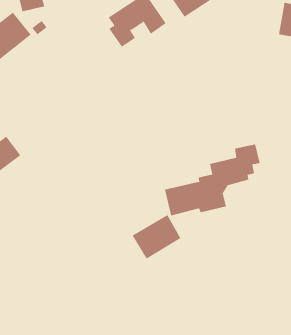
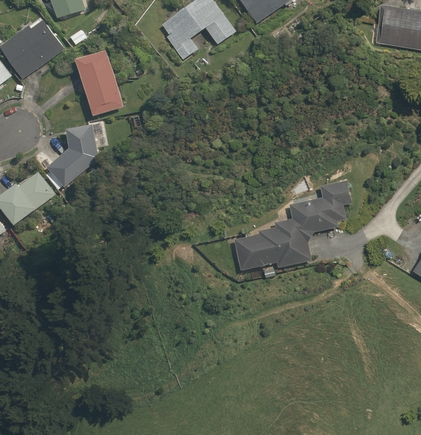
building: none -> [78,52,122,116]
building: none -> [46,122,107,188]
building: [132,214,181,260] -> none

